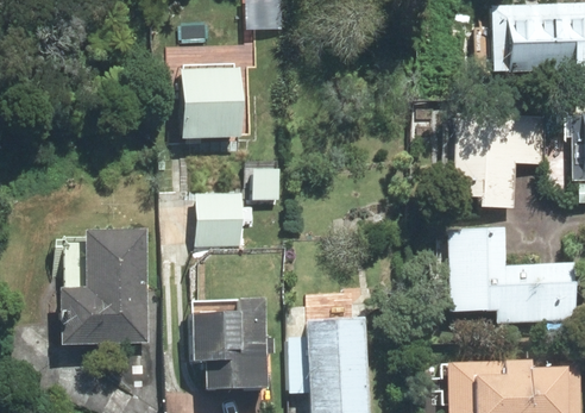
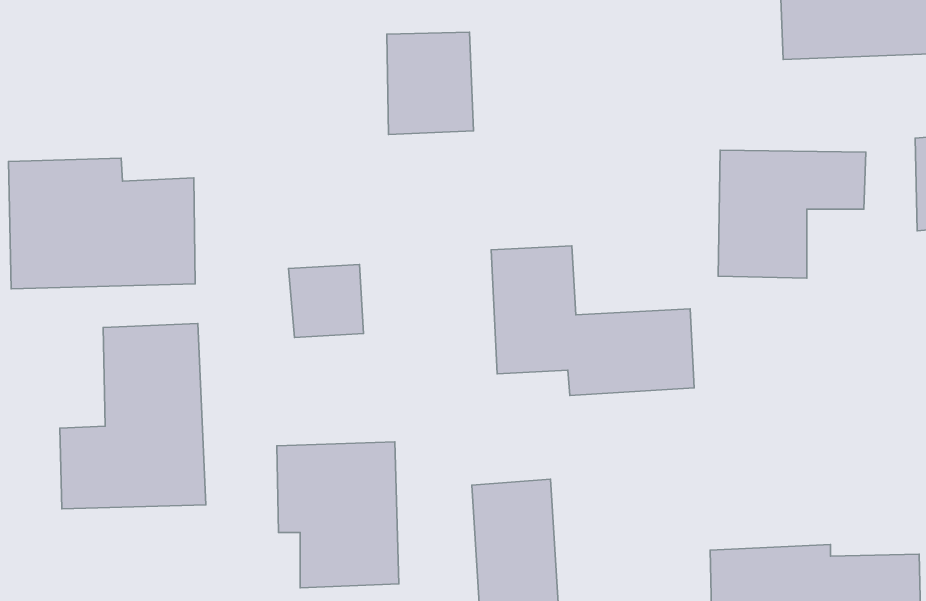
building: [182,73,234,134] -> [387,32,473,135]
building: none -> [9,158,195,289]
building: [451,231,573,321] -> [491,246,694,396]

